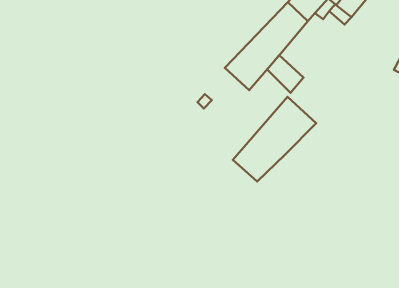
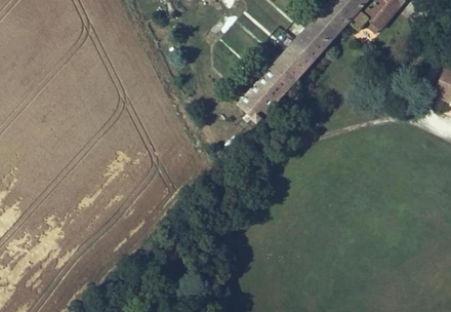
building: [267,55,303,93] -> [239,86,276,124]
building: [233,97,316,182] -> none

